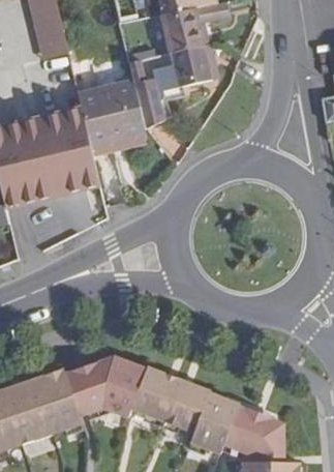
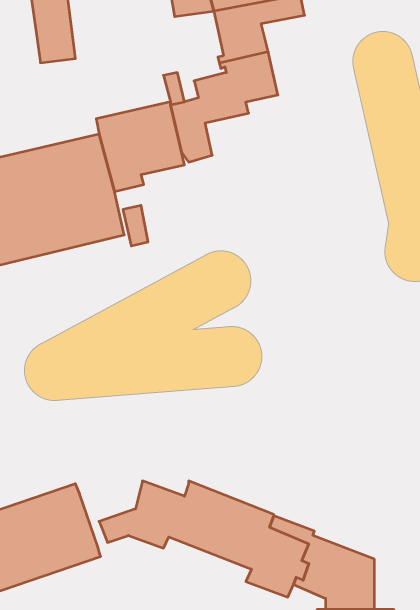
building: [65,357,146,414] -> none

